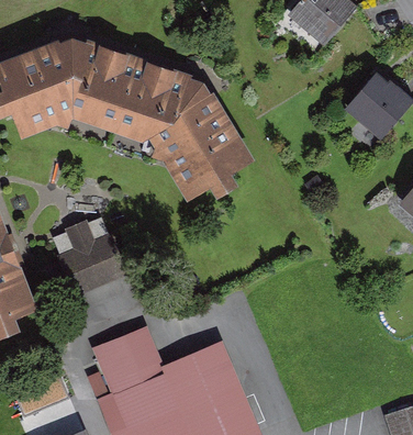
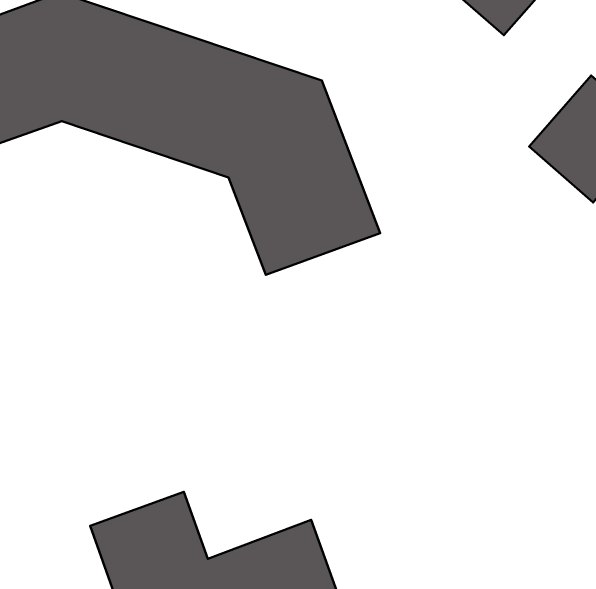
building: [62,228,125,294] -> none

